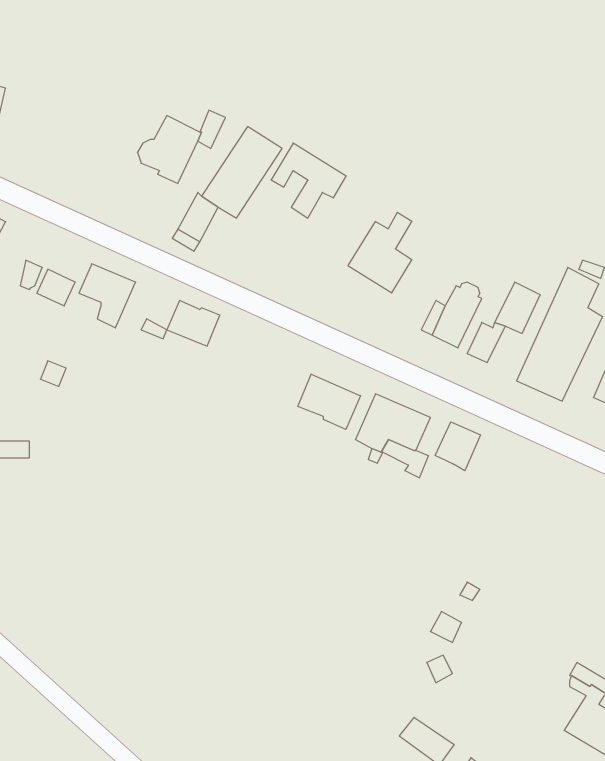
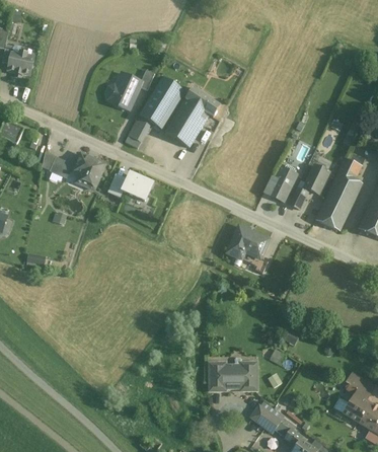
building: [348,212,412,293] -> [165,102,201,147]
building: [298,374,361,429] -> none
building: [435,422,481,471] -> none
building: none -> [210,357,256,389]

